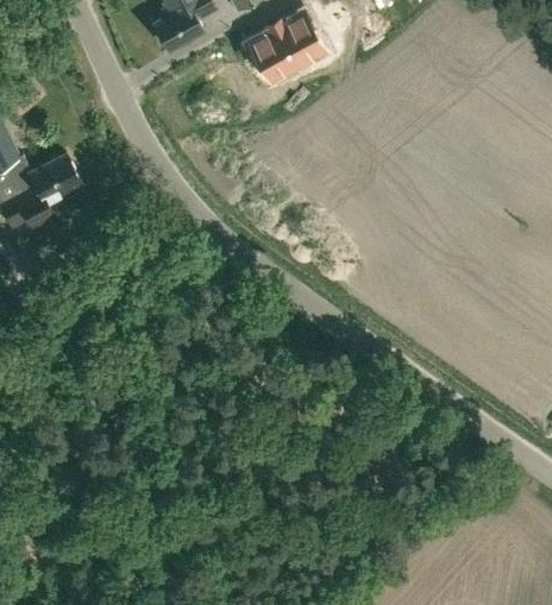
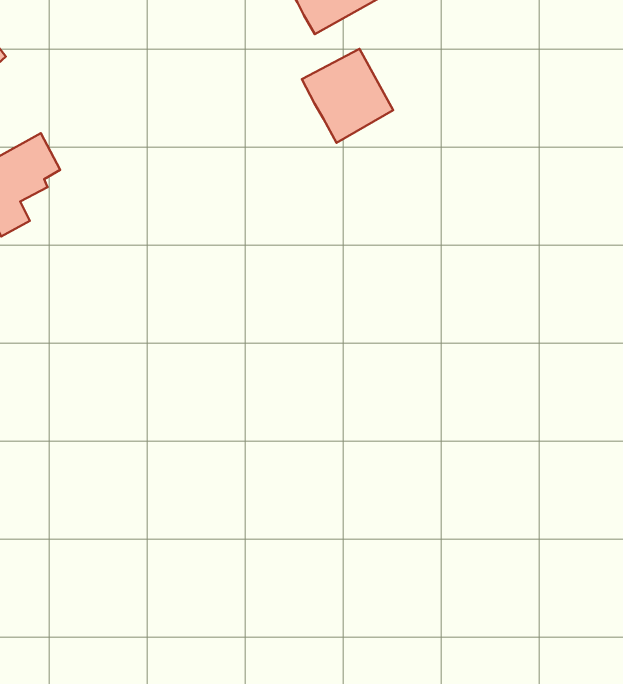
building: none -> [302,49,393,143]

